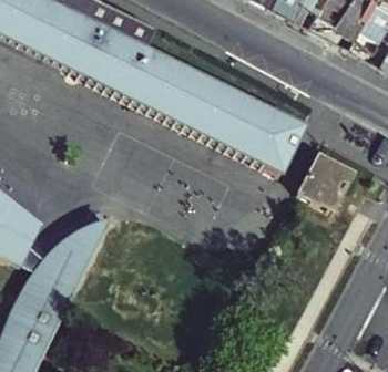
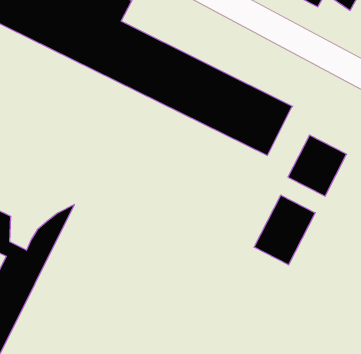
building: none -> [254,195,315,265]

